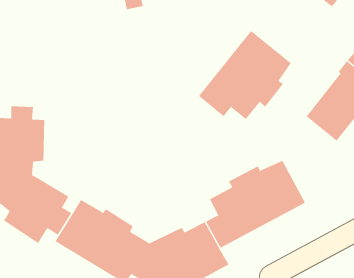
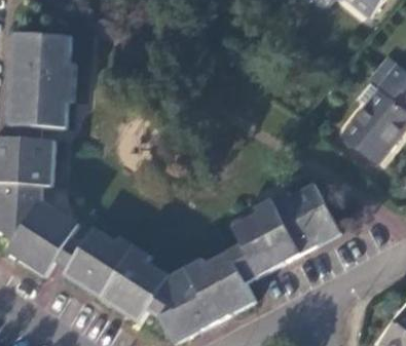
building: none -> [11,34,75,126]
building: [198,30,291,120] -> none

